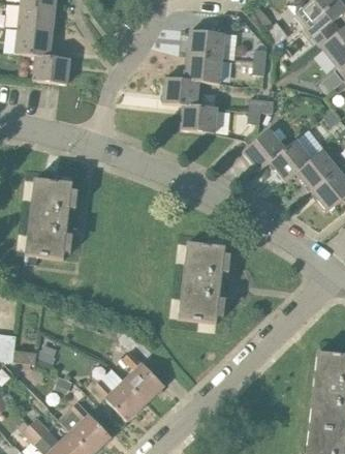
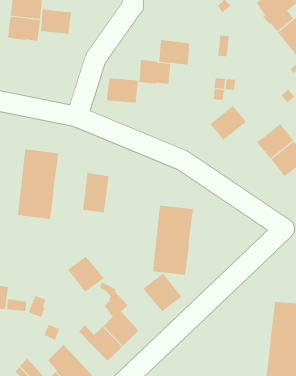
building: [188,29,225,58] -> none
building: [34,54,70,83] -> [40,9,72,34]
building: [181,103,218,132] -> [106,78,138,103]
building: [259,139,313,179] -> none
building: none -> [82,157,109,213]
building: none -> [67,256,104,293]
building: none -> [143,273,182,312]

